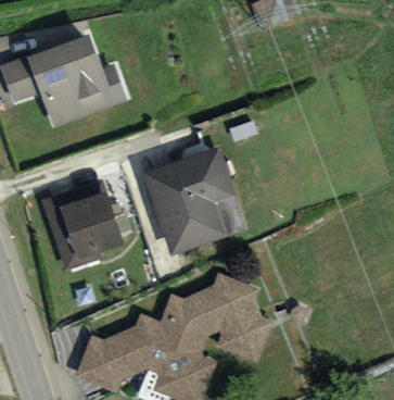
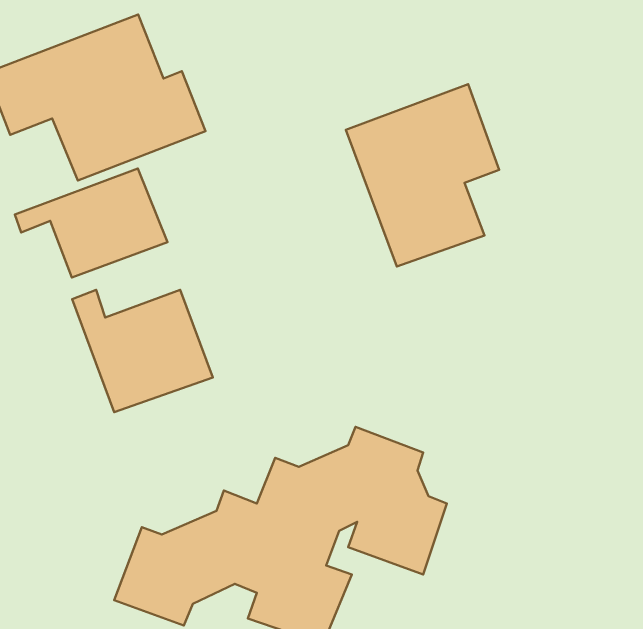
building: none -> [15,169,167,277]
building: [144,146,236,254] -> [346,84,499,267]

